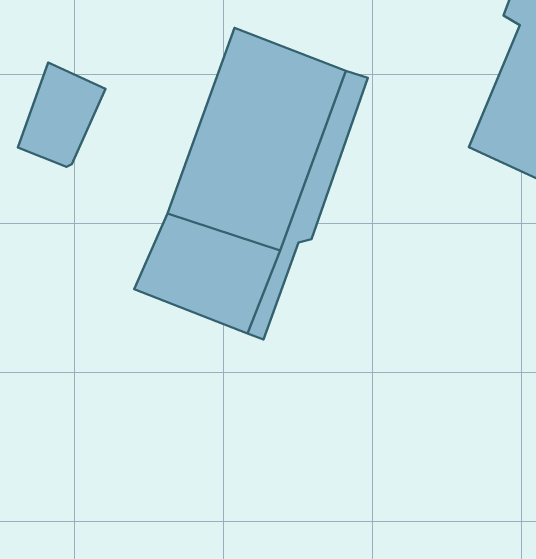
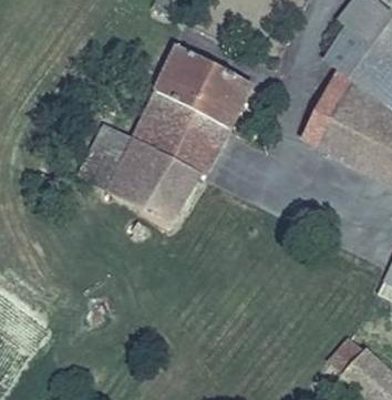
building: [18,63,105,167] -> [75,126,130,187]

